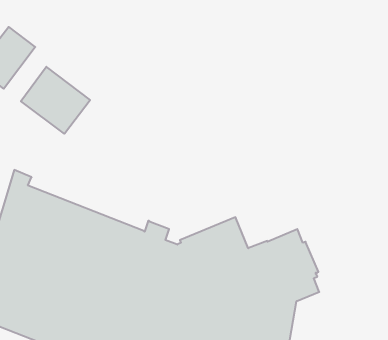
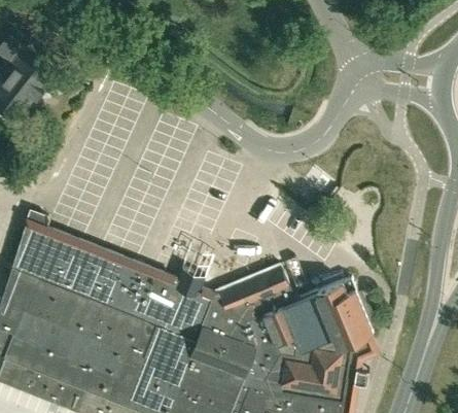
building: [21,67,90,134] -> none

